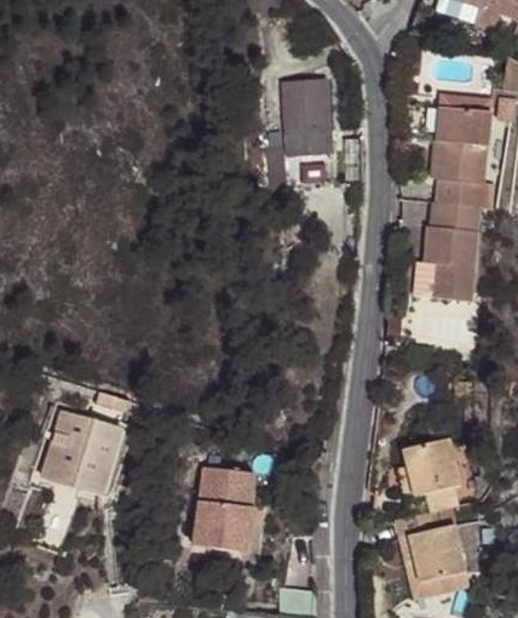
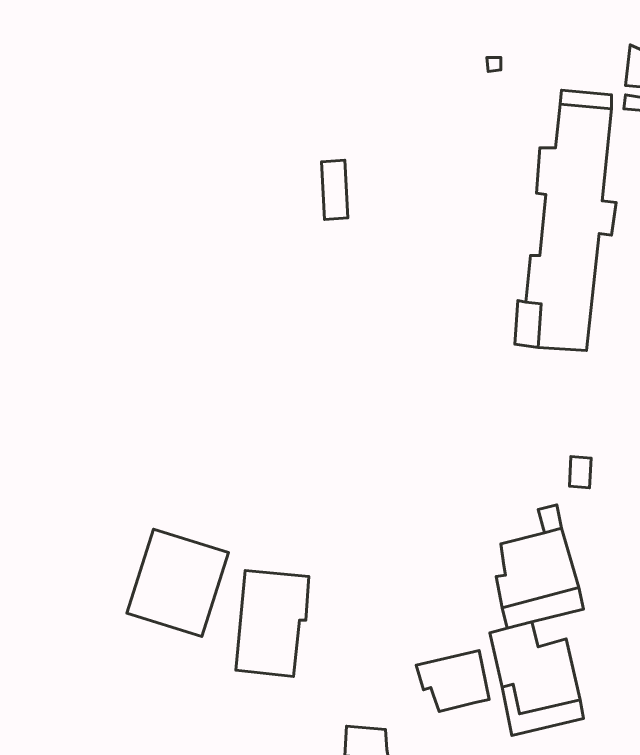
building: [281,79,333,155] -> none
building: [44,410,122,493] -> [127,529,228,637]
building: none -> [416,651,489,711]

